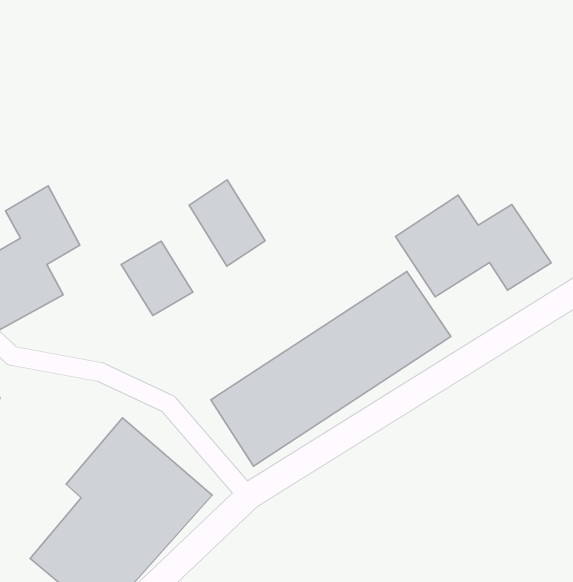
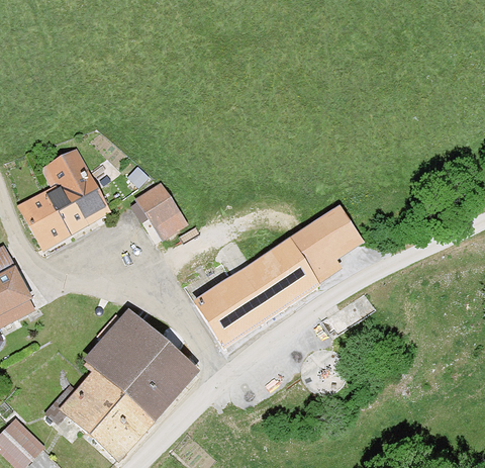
building: [189,180,265,266] -> none
building: [395,195,551,297] -> none

